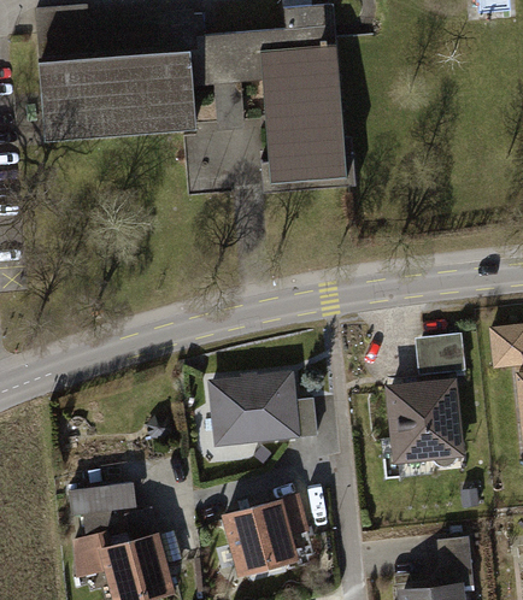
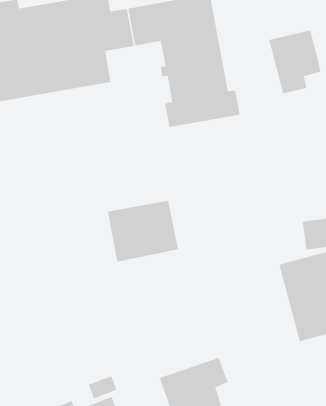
building: none -> [269,30,321,94]
building: [206,373,293,446] -> [107,200,179,262]
building: [64,482,133,516] -> none

